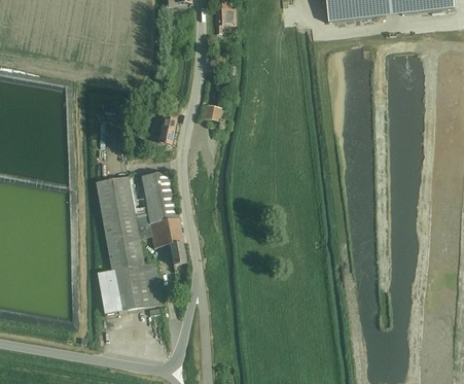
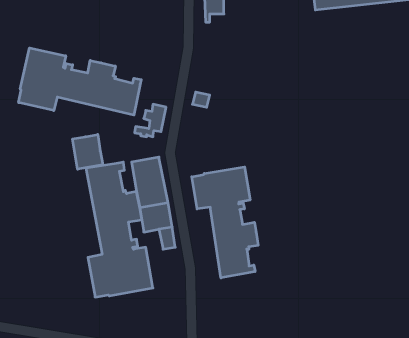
building: none -> [19,48,141,115]
building: none -> [73,134,103,169]
building: none -> [192,167,258,278]

